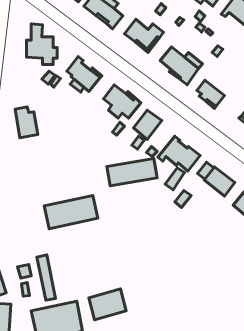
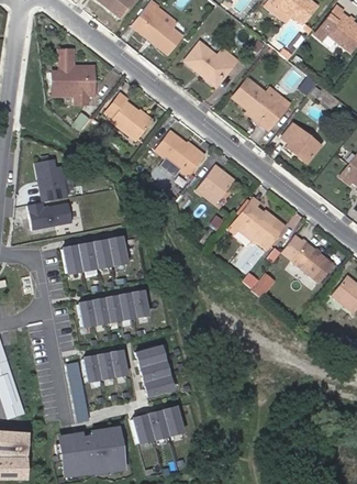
building: none -> [26,202,71,230]
building: [107,158,157,186] -> [62,235,130,273]
building: none -> [135,340,177,392]
building: none -> [82,349,126,383]

